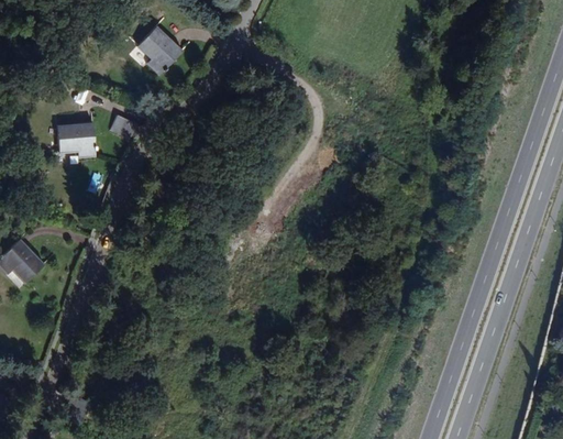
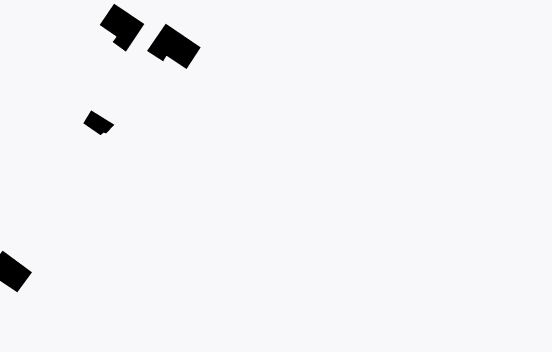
building: none -> [146,22,202,70]
building: [57,123,96,156] -> none

